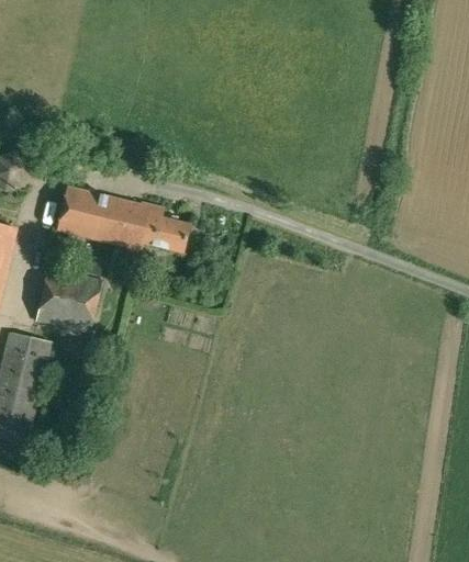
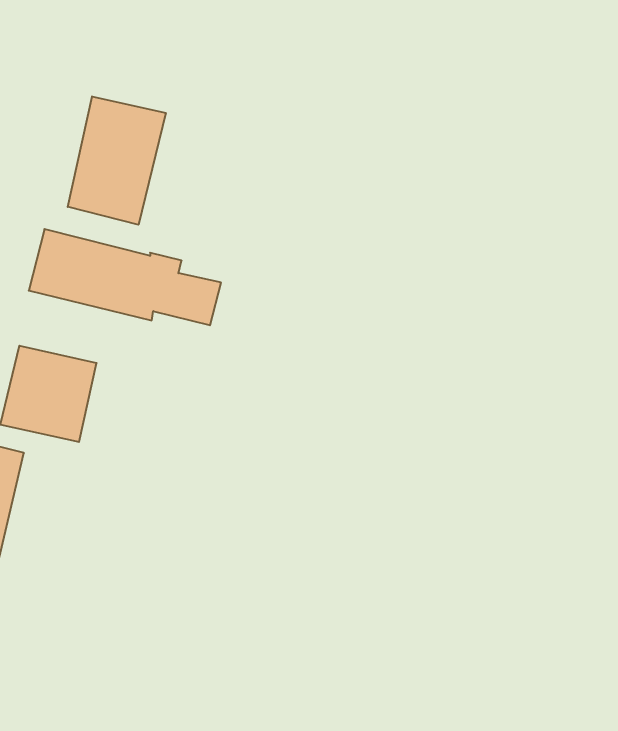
building: none -> [68,96,166,225]

